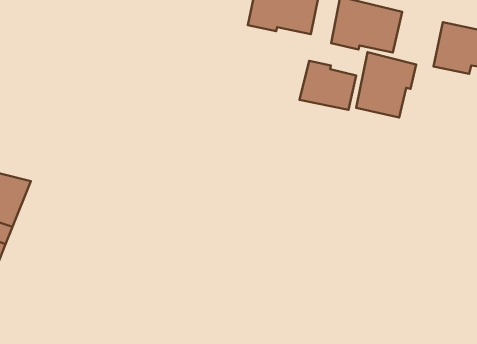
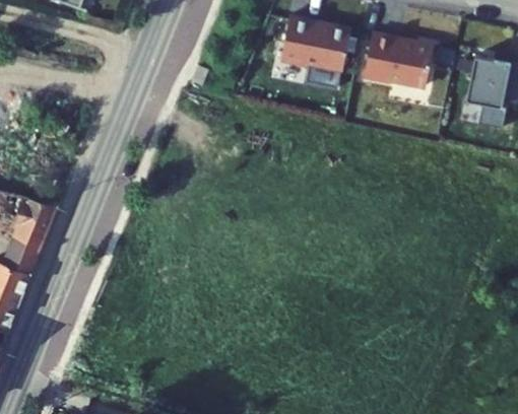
building: [356,52,416,118] -> none
building: [299,61,356,110] -> none

